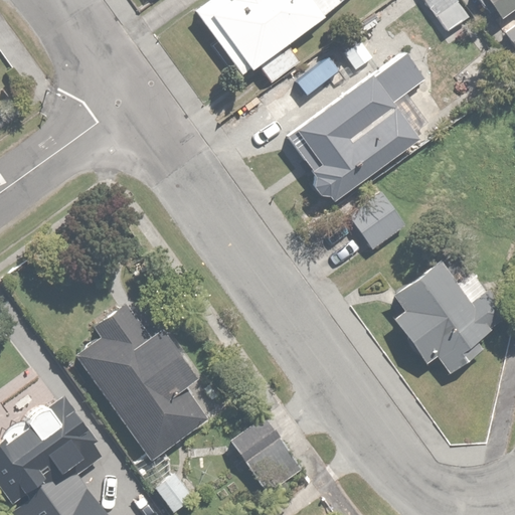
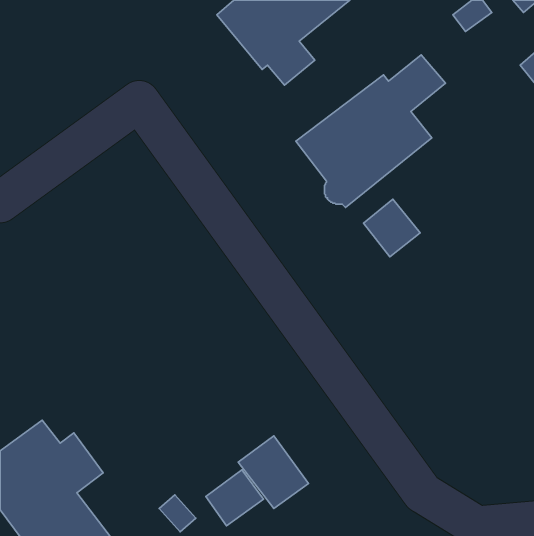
building: [392,263,486,368] -> none
building: [75,298,209,460] -> none
building: none -> [206,470,263,526]

